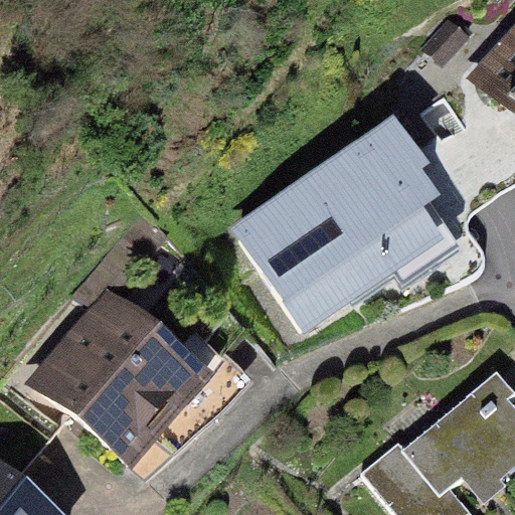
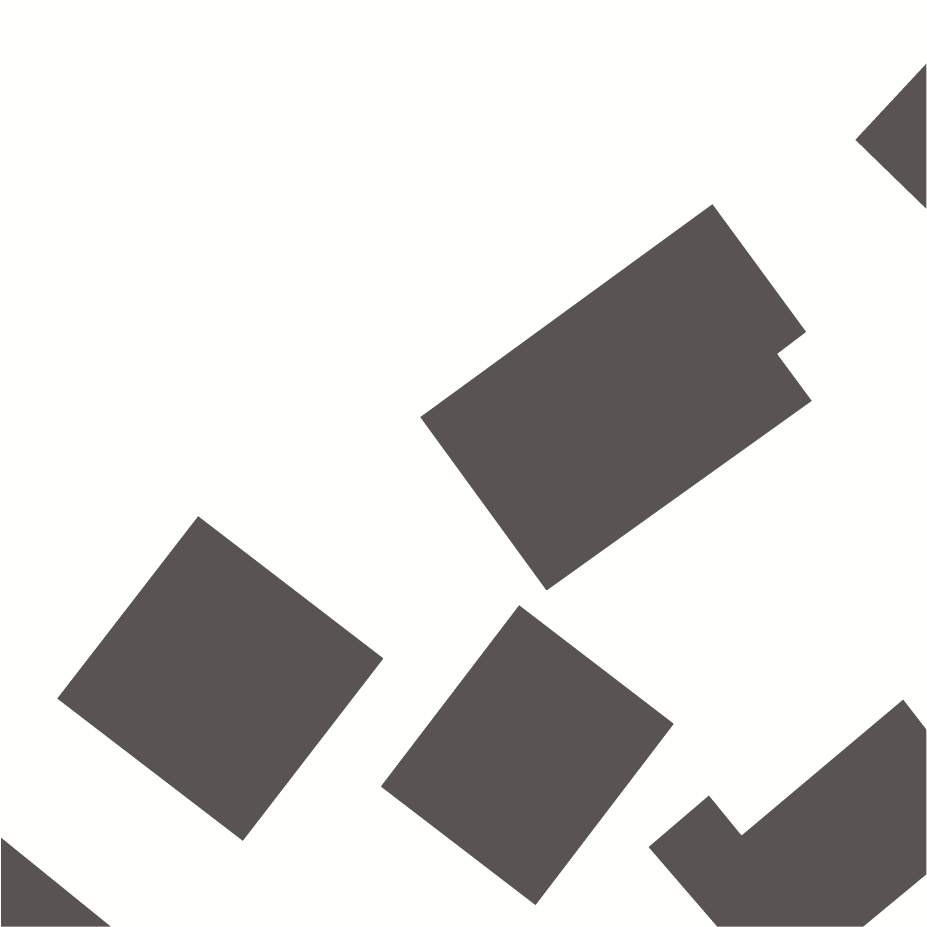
building: none -> [380,604,675,906]

